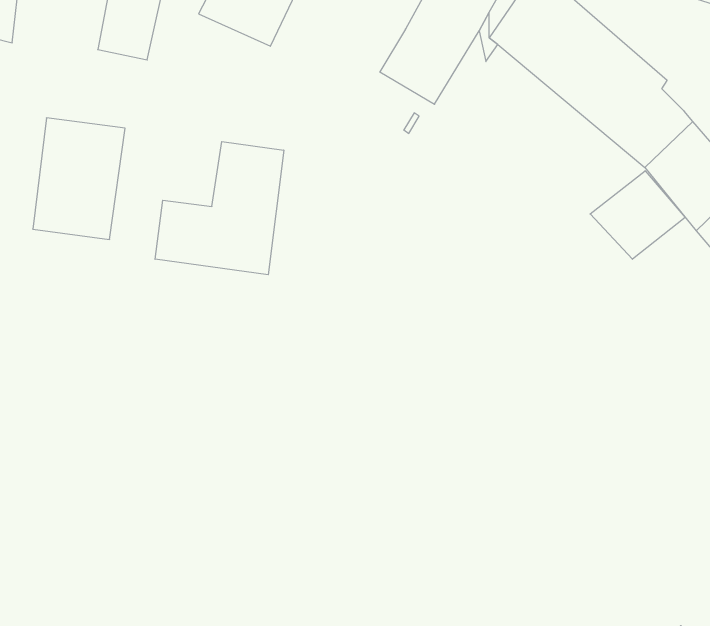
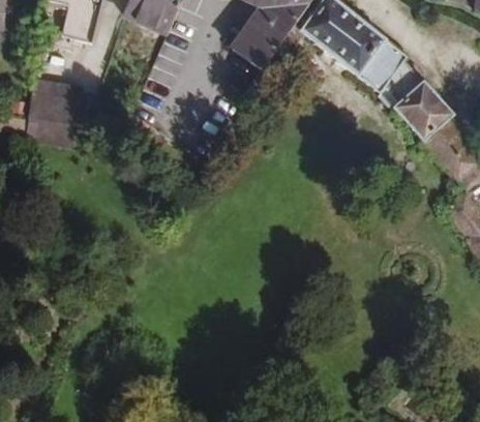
building: [155,142,284,275] -> none
building: [590,171,685,259] -> none

